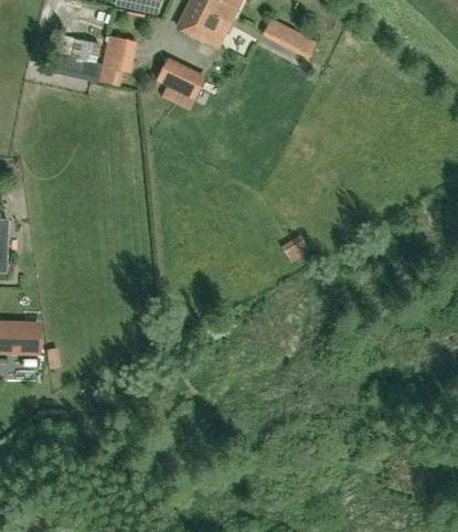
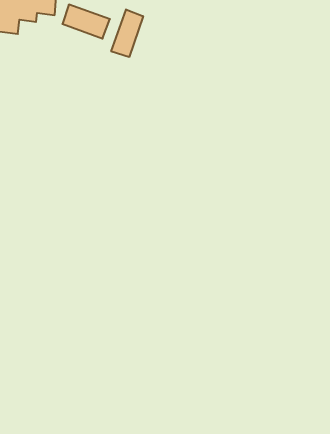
building: none -> [111,9,143,57]

